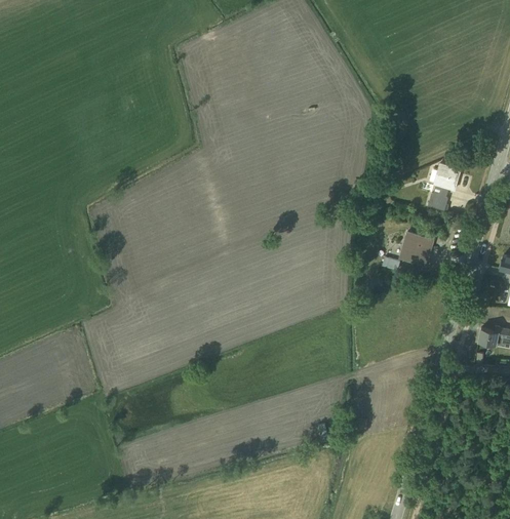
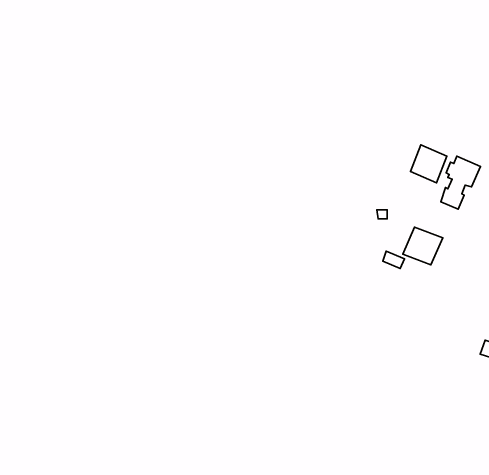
building: none -> [411,145,447,183]

